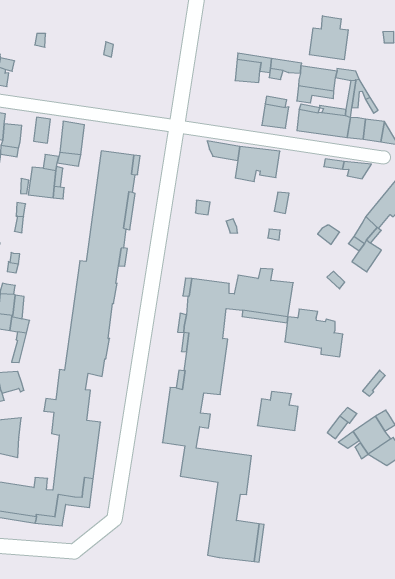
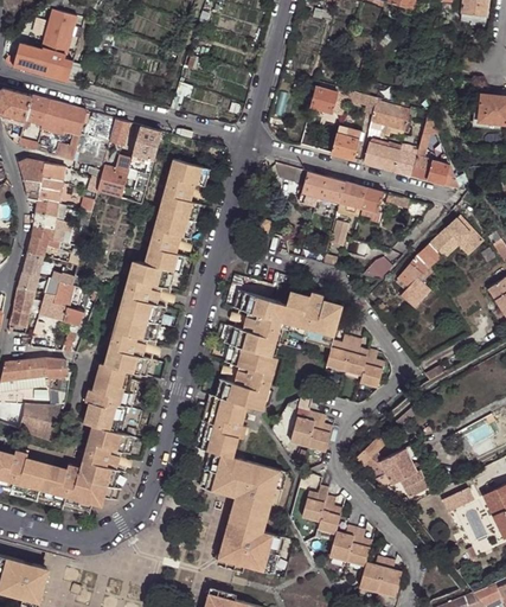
building: [309,16,348,60] -> none
building: none -> [337,180,383,221]
building: none -> [199,449,244,560]
building: none -> [302,485,402,595]

